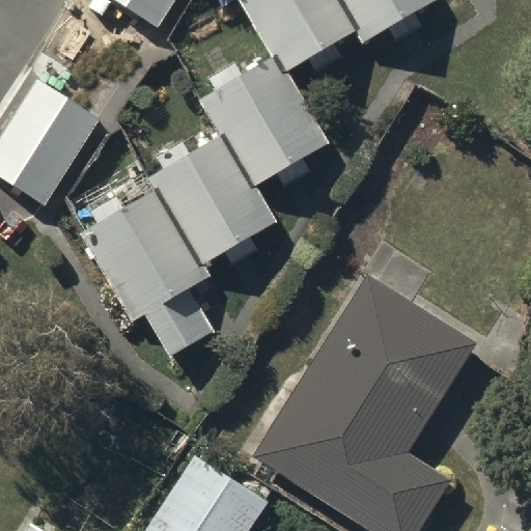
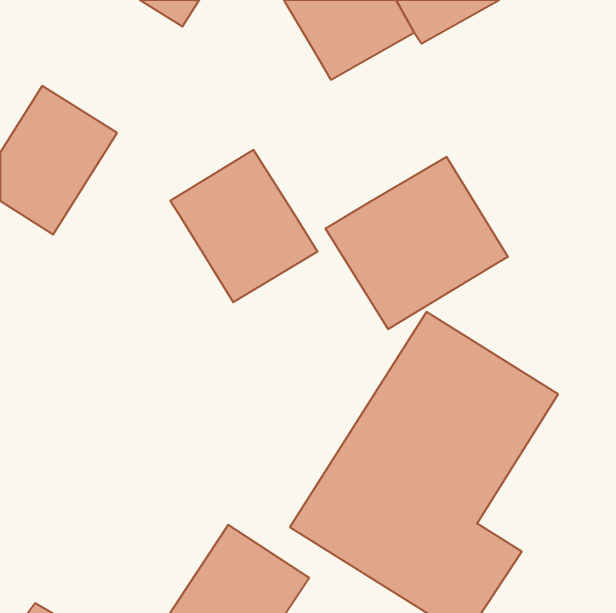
building: [198,53,327,187] -> none
building: none -> [326,157,508,329]
building: [79,188,214,357] -> none

